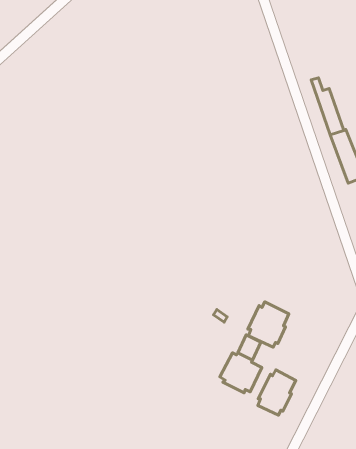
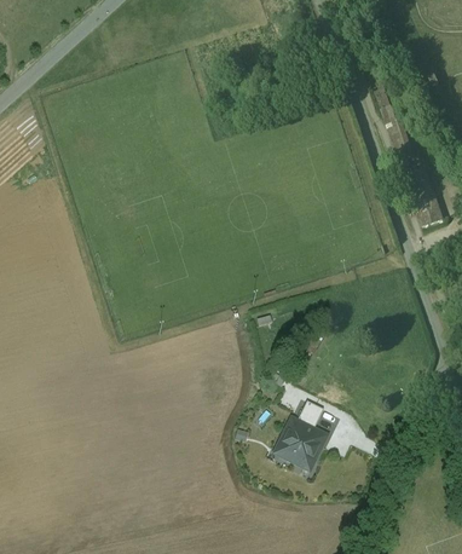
building: [248,302,289,347] -> none
building: [258,370,296,415] -> none

